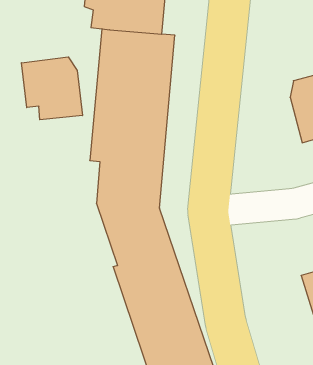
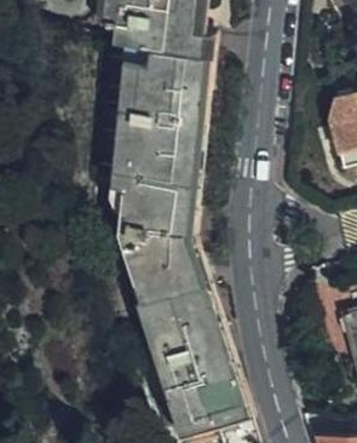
building: [21,57,82,120] -> none

